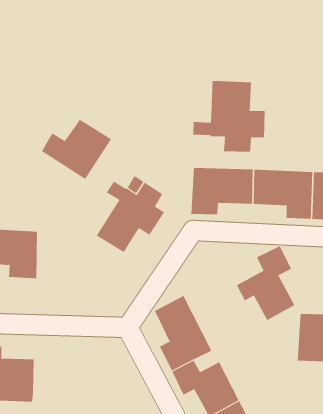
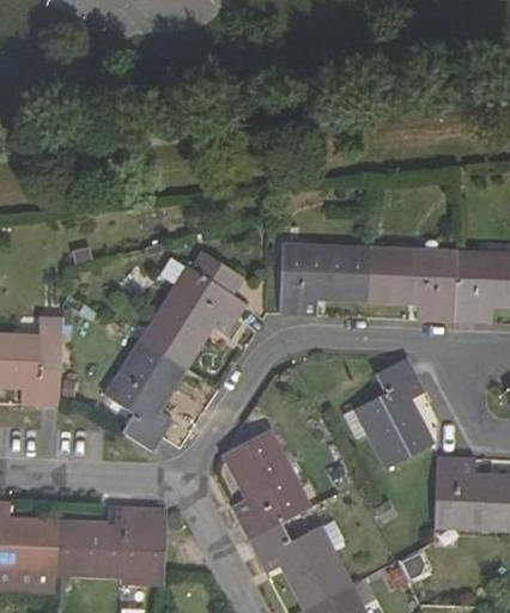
building: [193,80,265,152] -> none
building: [41,119,112,180] -> none
building: none -> [108,344,183,450]
building: none -> [53,509,164,575]

